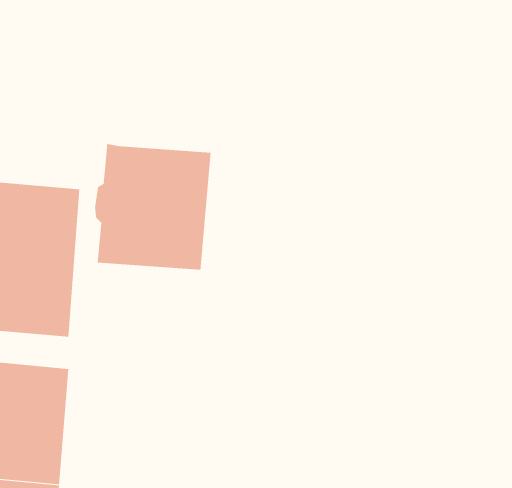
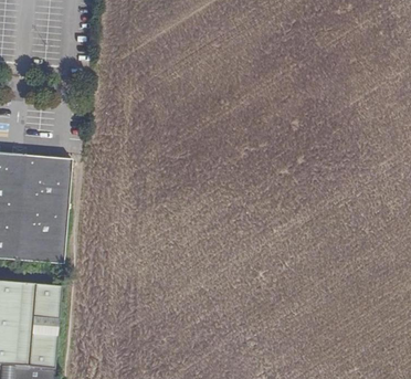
building: [95,143,211,271] -> none

